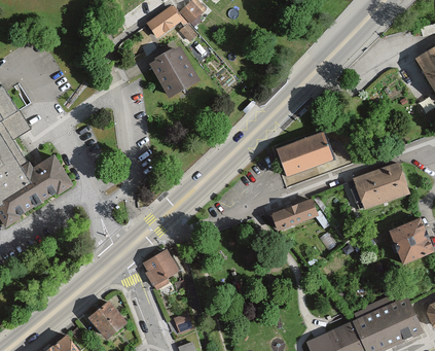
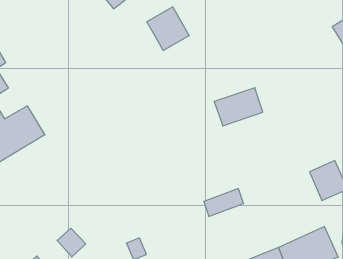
building: [148,47,198,99] -> [147,7,189,50]
building: [353,164,409,210] -> none
building: [269,199,317,232] -> [204,189,244,216]
building: [142,249,178,288] -> none

